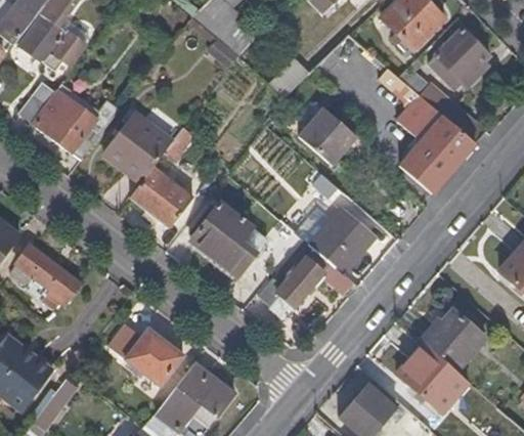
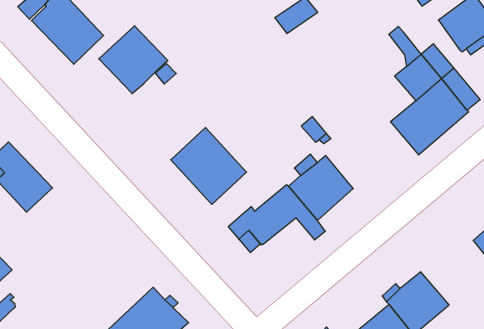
building: [298,104,356,163] -> none
building: [130,167,193,227] -> none
building: [125,329,184,387] -> none

